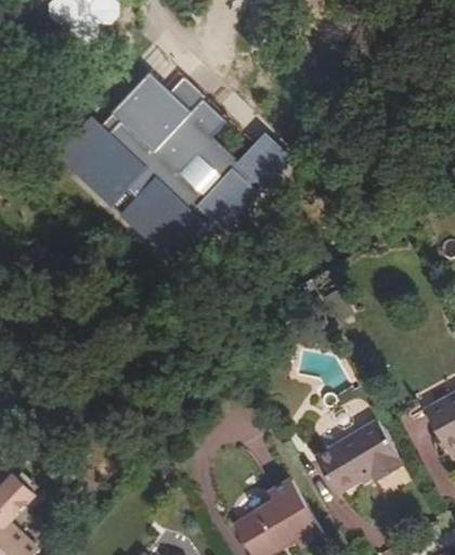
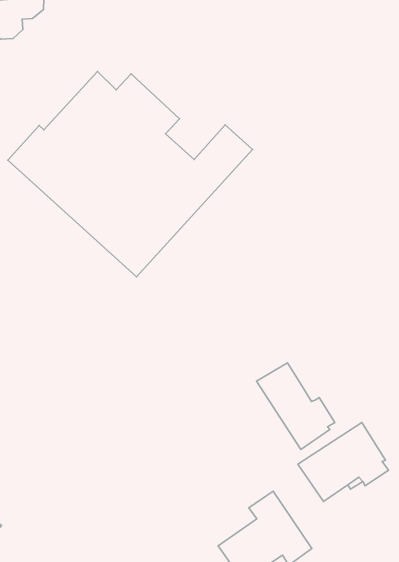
building: none -> [257,363,335,449]

